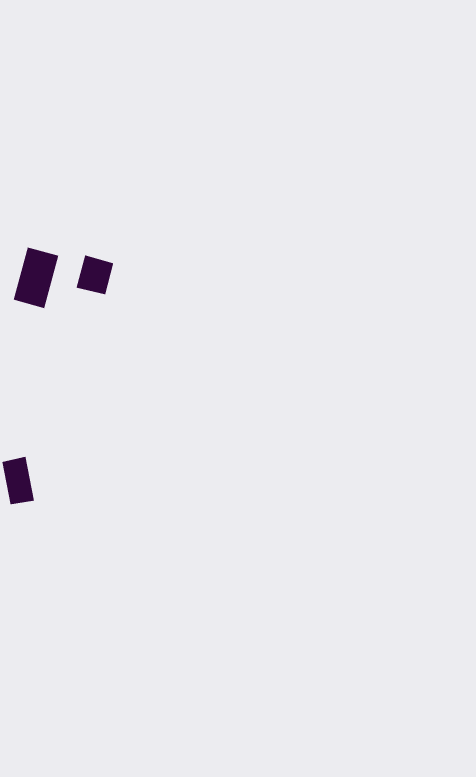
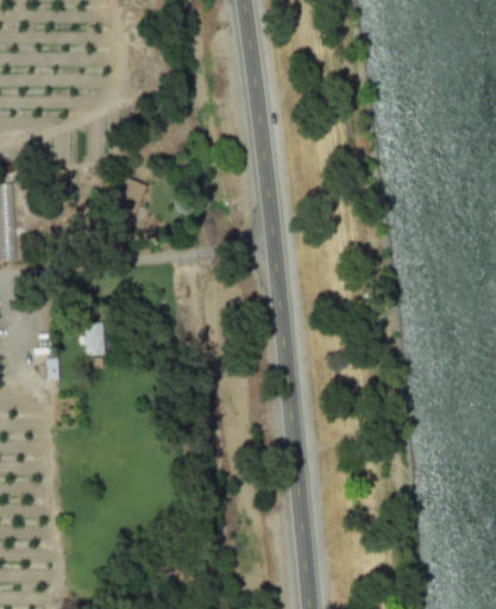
building: [76,255,114,295] -> none

